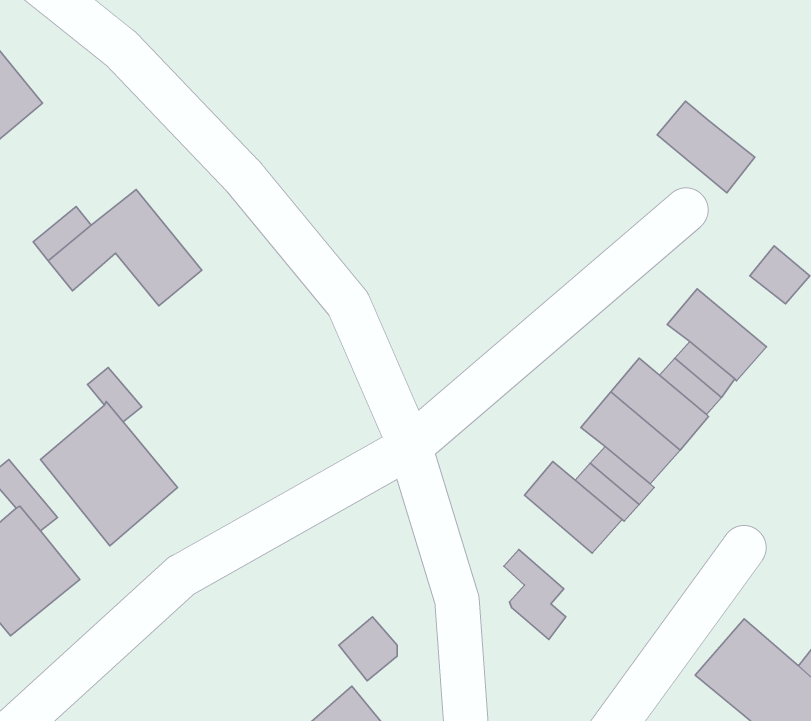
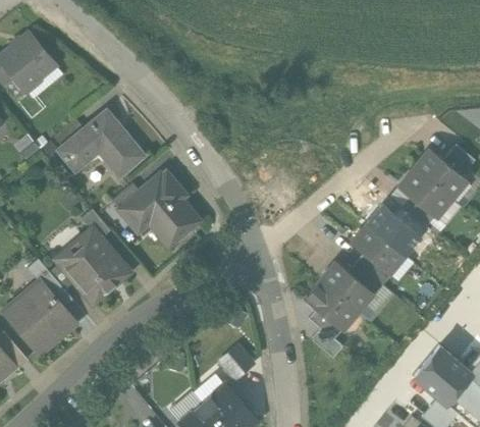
building: [657,101,755,193] -> [413,149,466,199]
building: none -> [120,178,199,247]
building: none -> [303,279,356,330]

